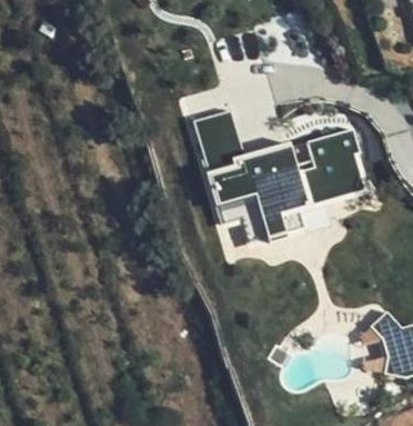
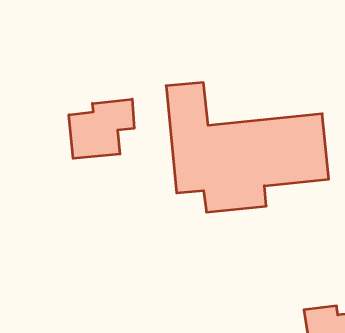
building: none -> [69,99,134,158]

